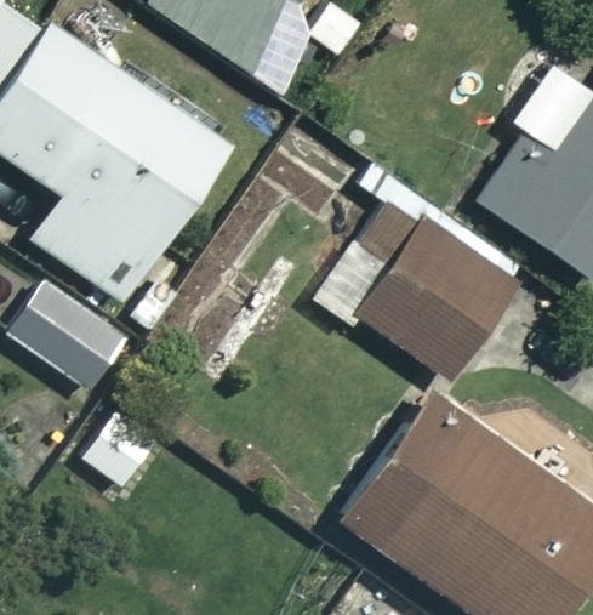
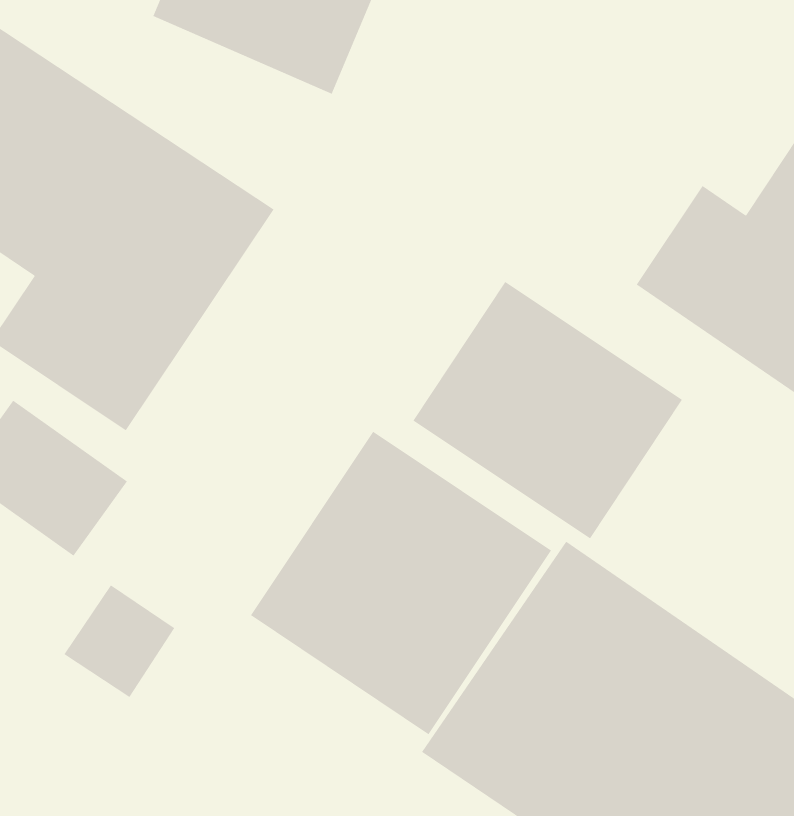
building: none -> [250,431,552,735]

